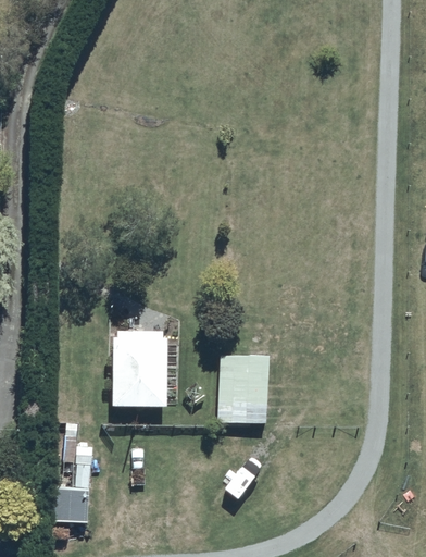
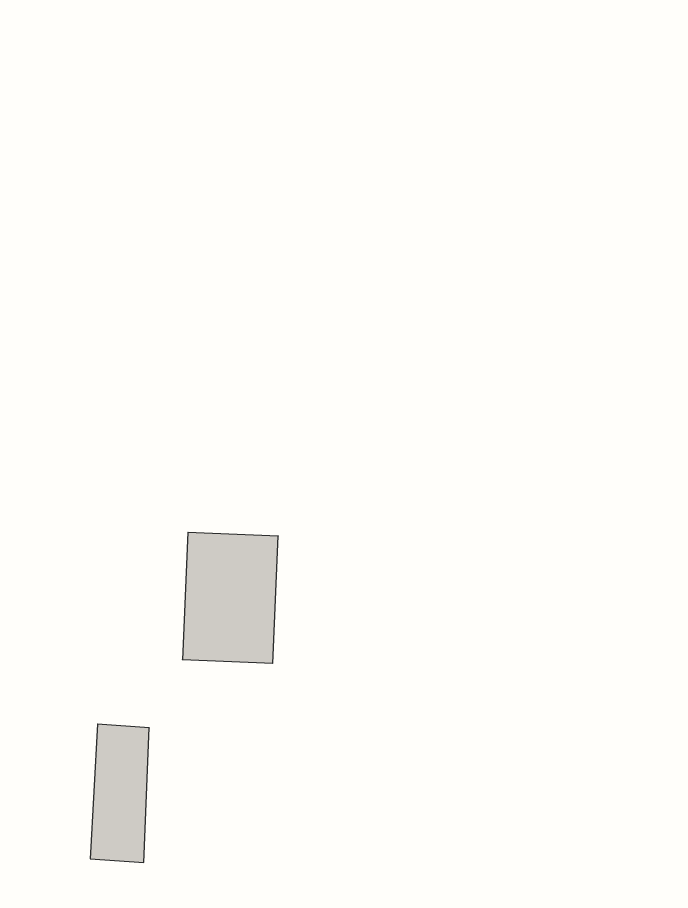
building: [217,359,264,425] -> none

